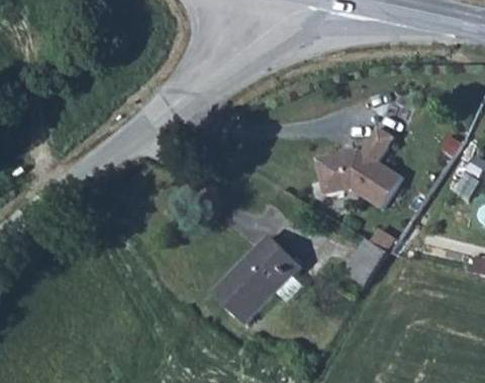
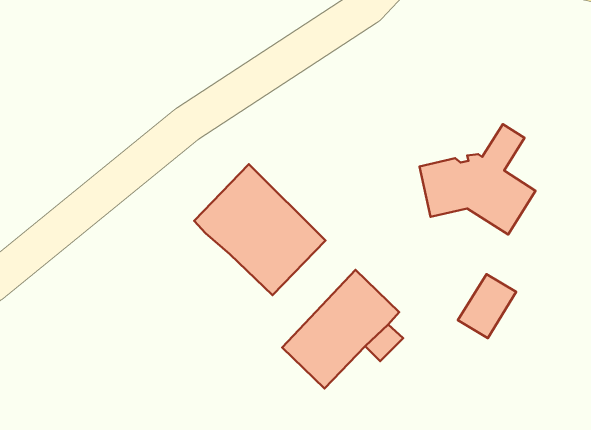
building: none -> [194,164,326,295]

